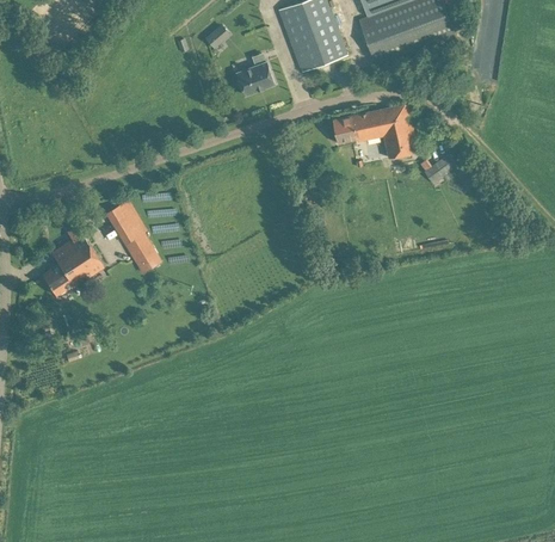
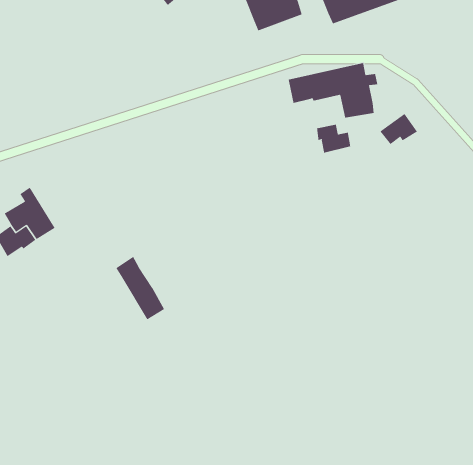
building: [236,60,275,93] -> none
building: none -> [316,124,351,153]
building: [106,199,155,263] -> [115,256,165,320]

